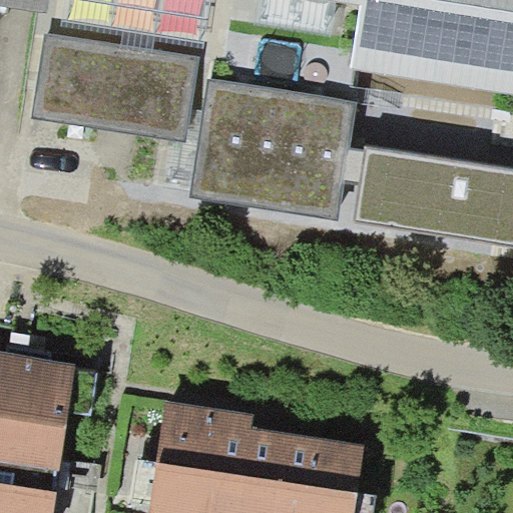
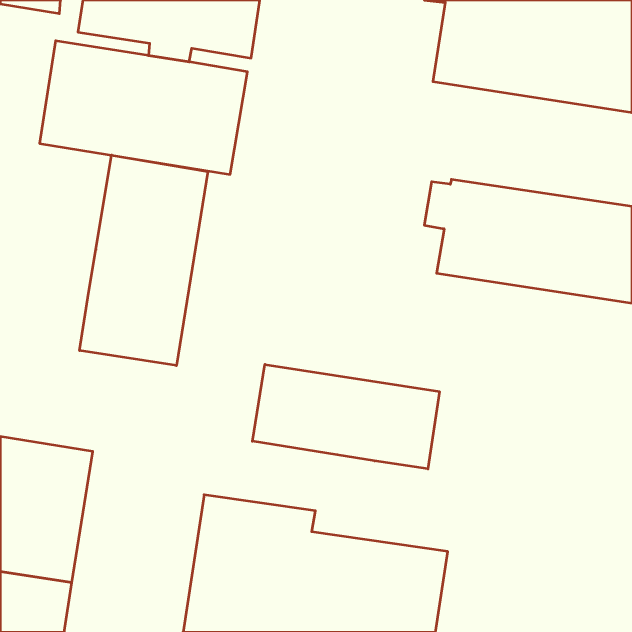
building: [190,78,357,220] -> none
building: none -> [80,155,208,366]
building: none -> [252,364,439,469]

